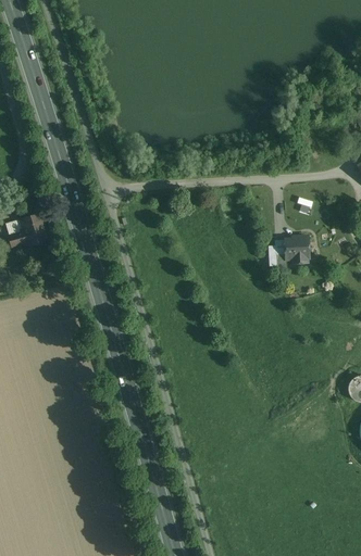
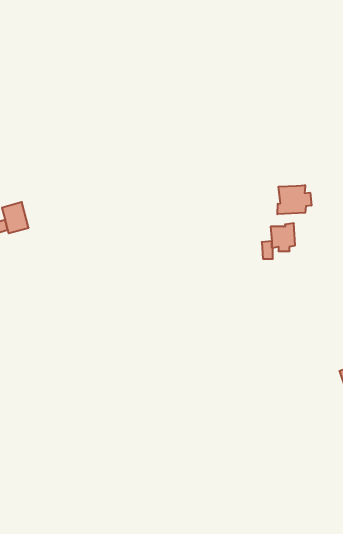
building: none -> [277,185,311,214]

